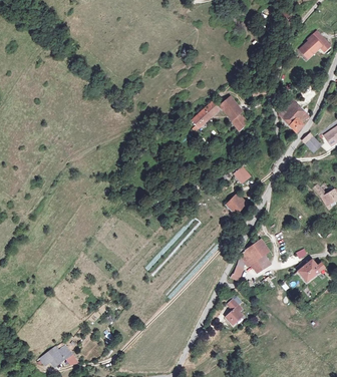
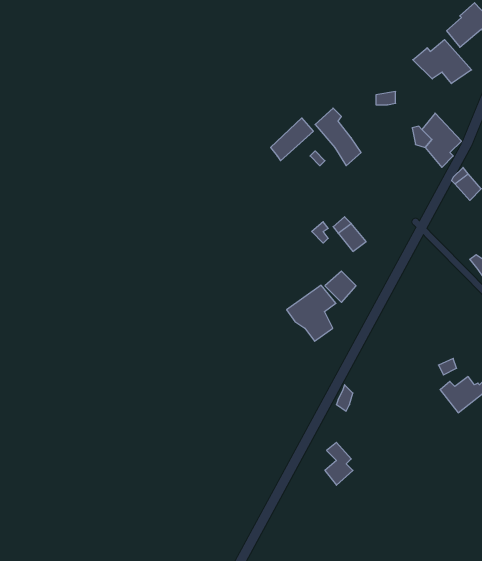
building: none -> [413,40,472,84]
building: [240,240,270,274] -> [287,285,336,341]
building: [37,344,76,364] -> none

